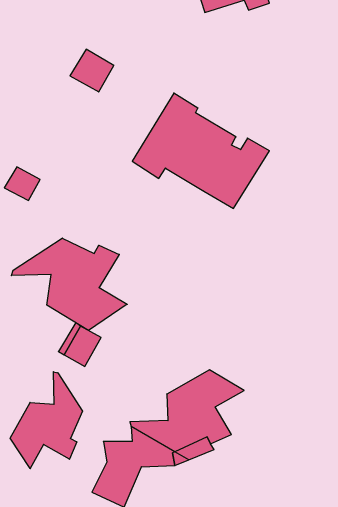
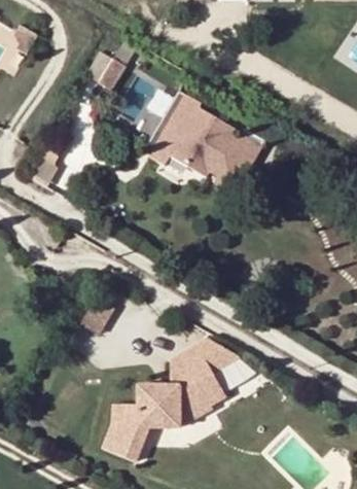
building: [11,238,127,330] -> none
building: [10,372,83,469] -> none

